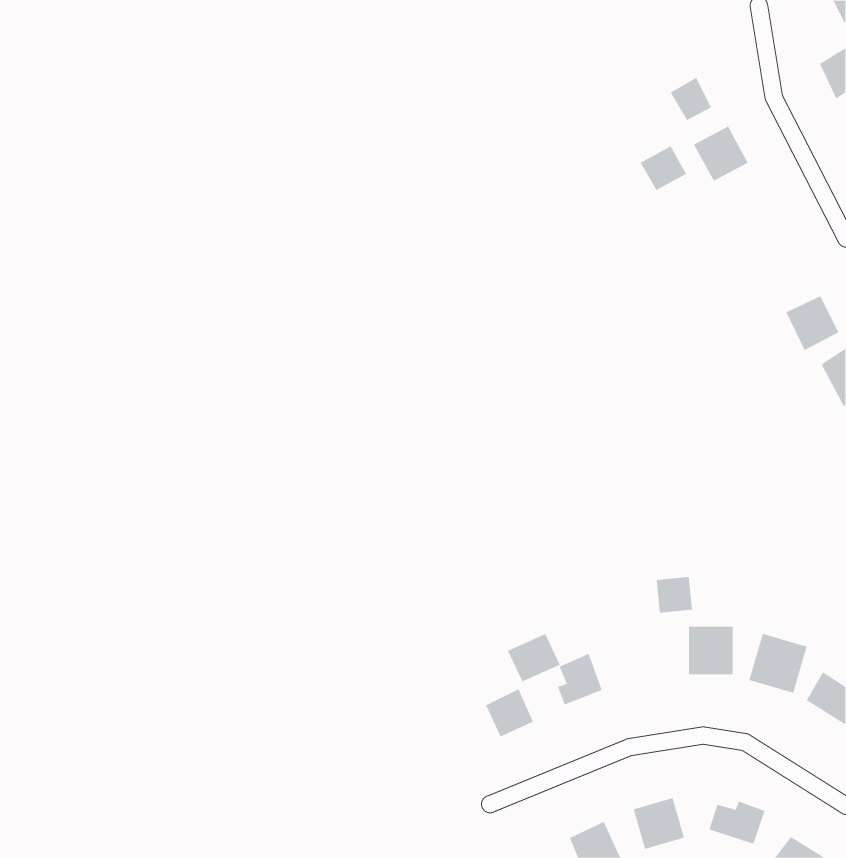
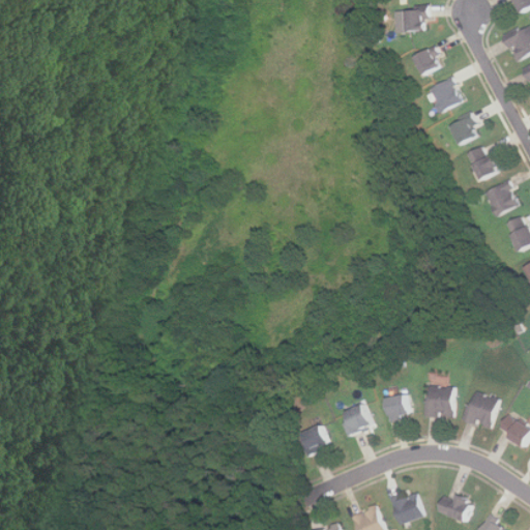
building: none -> [405,11,425,32]
building: [640,146,687,191] -> none
building: none -> [451,116,480,144]
building: none -> [468,144,499,180]
building: [656,576,693,613] -> [385,394,408,417]
building: [507,633,560,682] -> none

